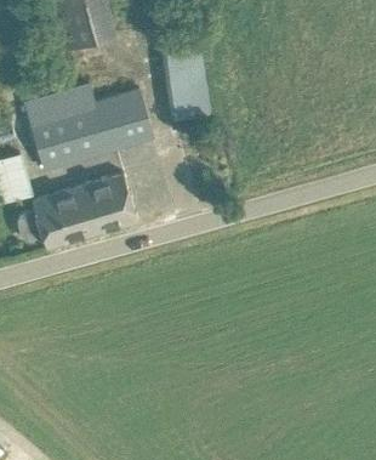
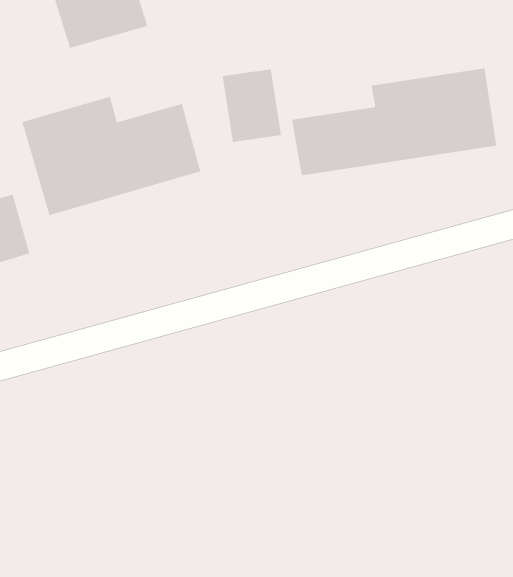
building: none -> [291,67,497,176]
building: [17,171,136,245] -> none

